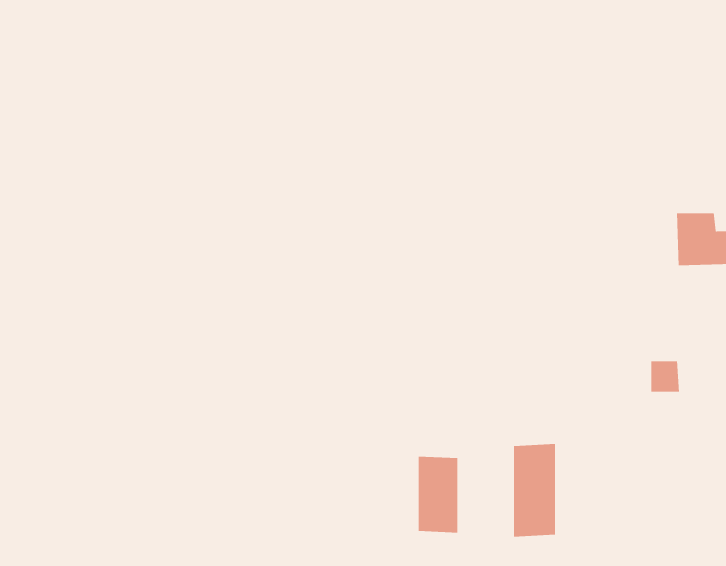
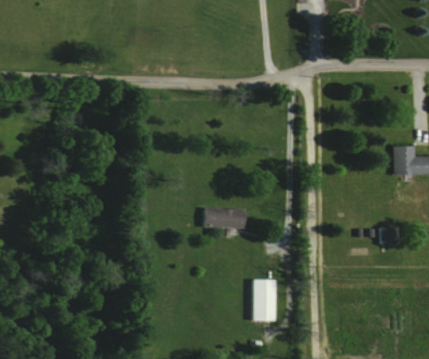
building: none -> [204,208,246,228]
building: [513,443,555,537] -> none

